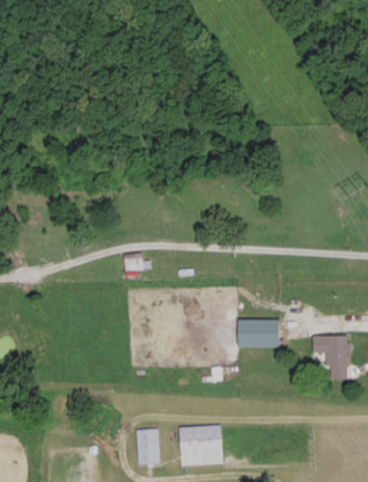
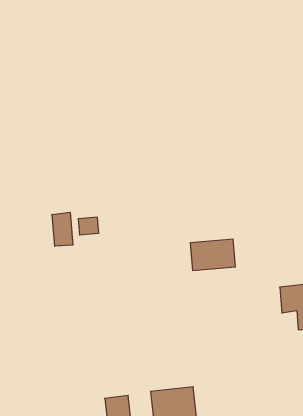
building: none -> [52,212,73,246]
building: [238,320,280,347] -> [190,239,235,270]

